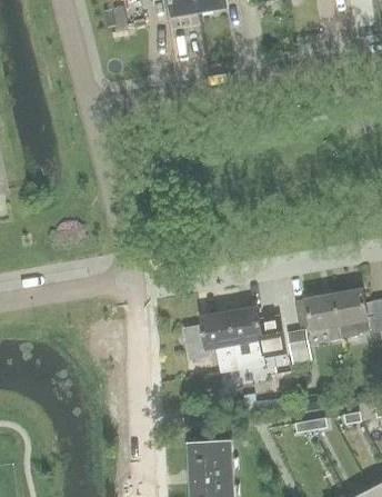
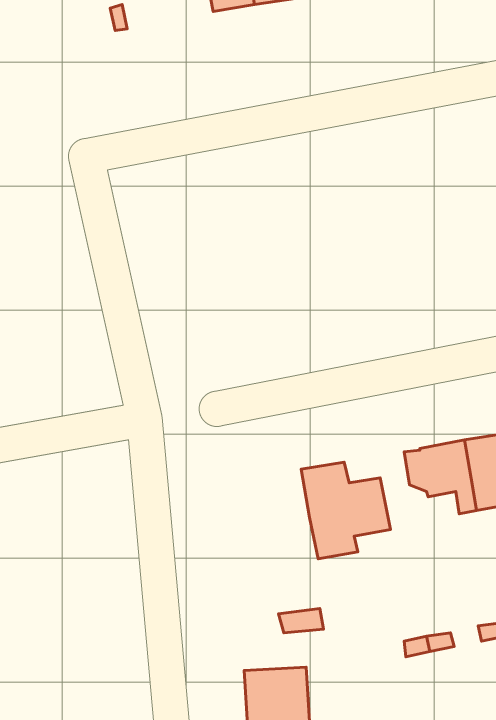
building: [183,311,239,372] -> none
building: [285,328,311,364] -> none

